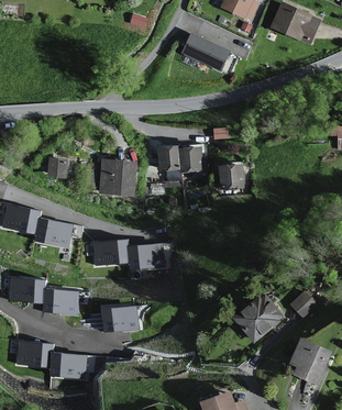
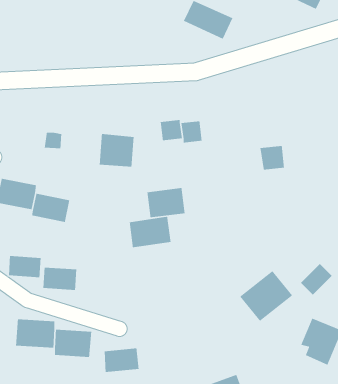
building: [218,166,242,190] -> [260,145,285,170]
building: [92,239,130,268] -> [146,187,186,218]
building: [104,306,139,330] -> [104,347,139,373]

